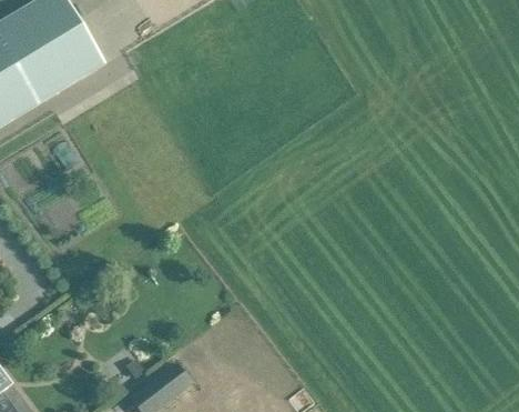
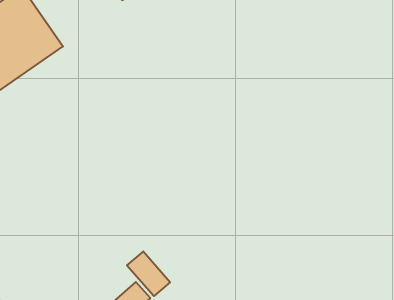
building: none -> [127,251,170,296]

